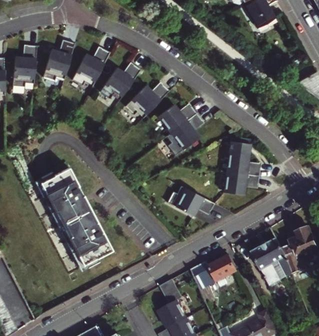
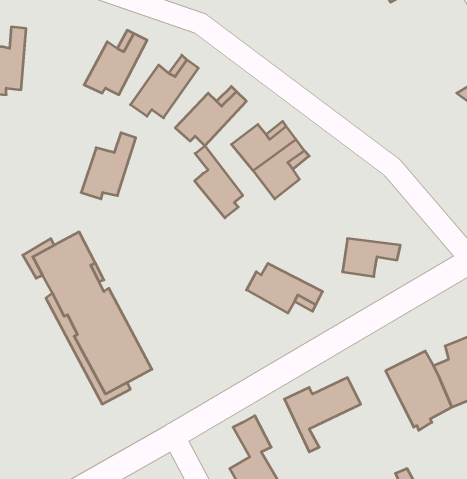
building: [40,38,73,78] -> [81,133,136,199]
building: none -> [195,146,243,218]
building: [228,150,261,175] -> none

